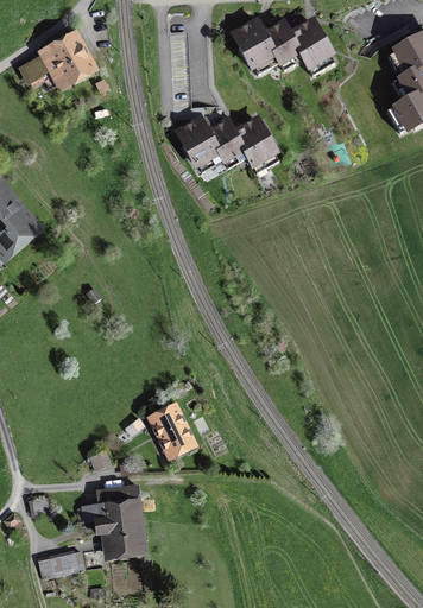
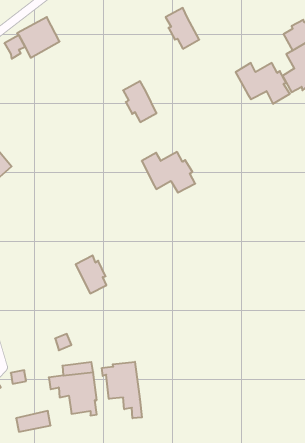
building: [263,21,334,75] -> [236,63,290,104]
building: [208,118,278,171] -> [142,152,195,193]
building: [151,404,191,454] -> [76,255,106,293]
building: none -> [102,362,142,418]

